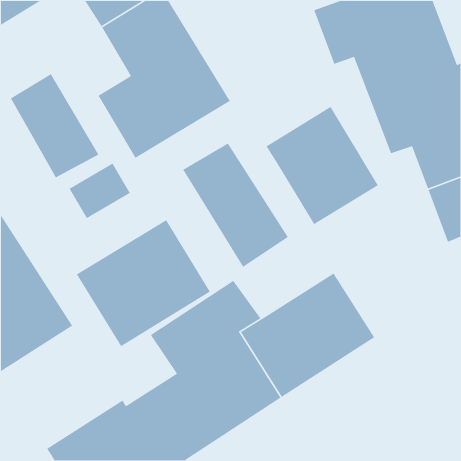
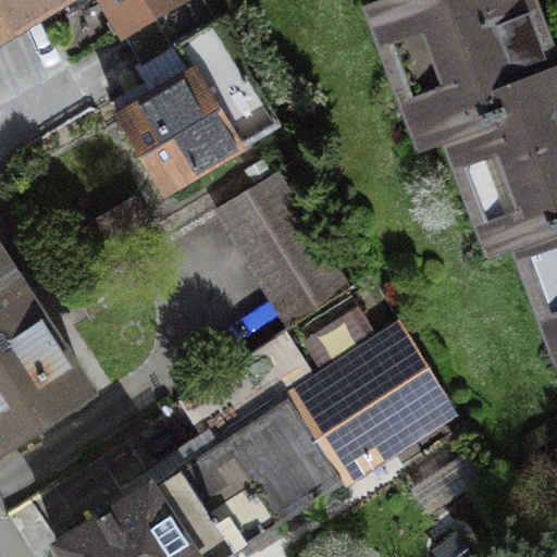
building: [10,73,99,179] -> none
building: [265,106,379,225] -> none
building: [76,219,211,347] -> none

